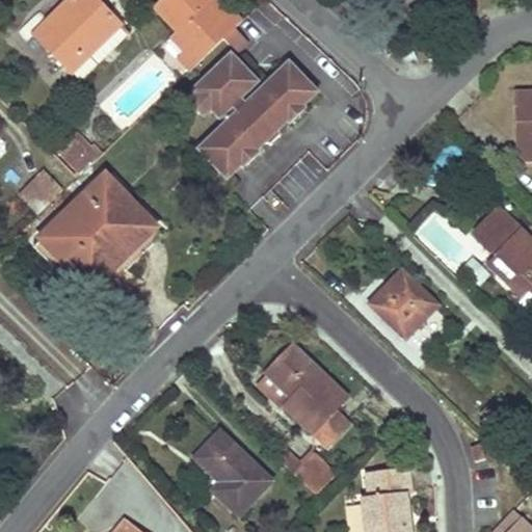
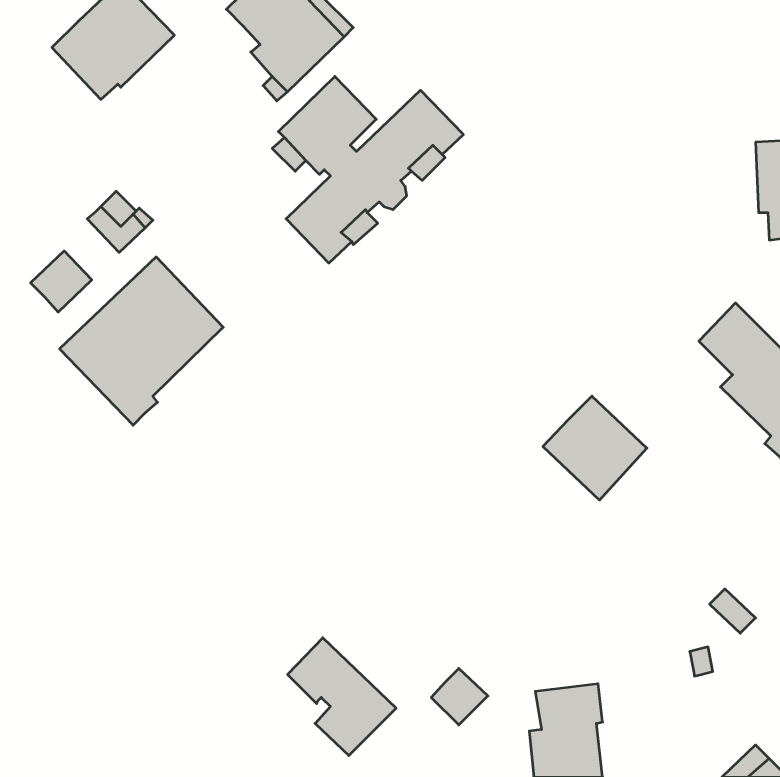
building: [261,347,349,446] -> none

